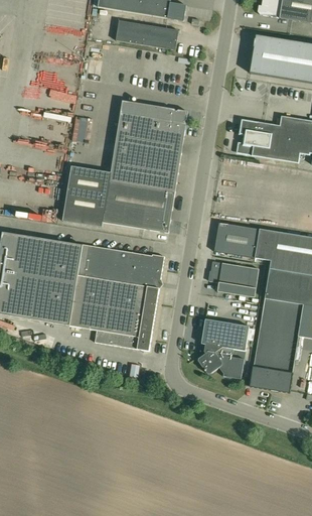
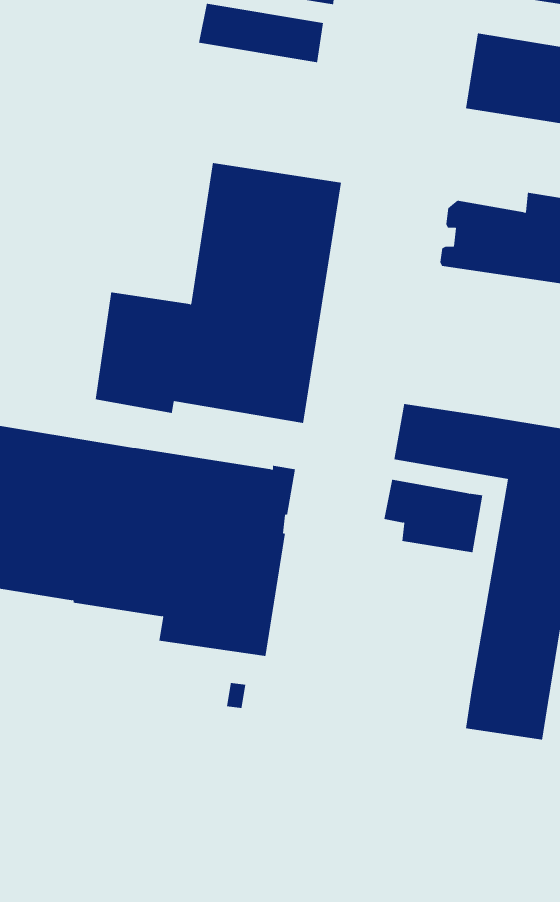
building: [197,318,249,378] -> none

